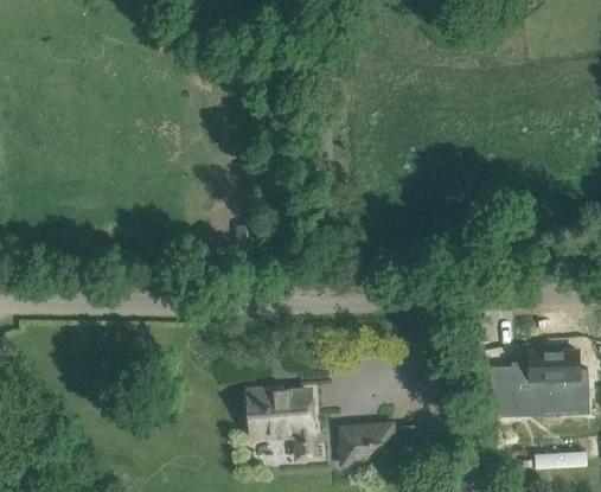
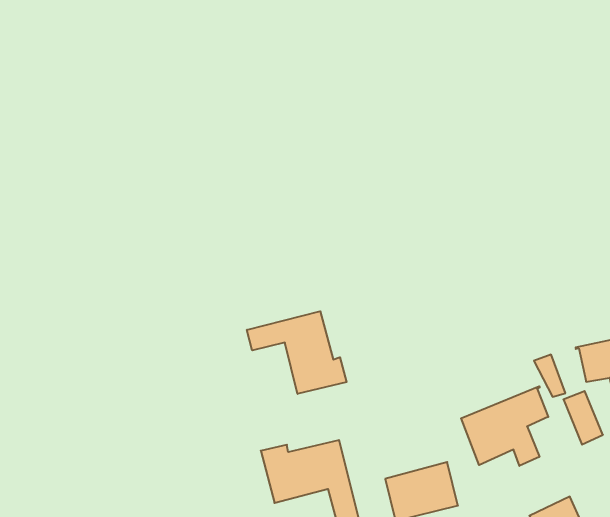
building: none -> [247,311,347,394]
building: none -> [461,386,548,466]

